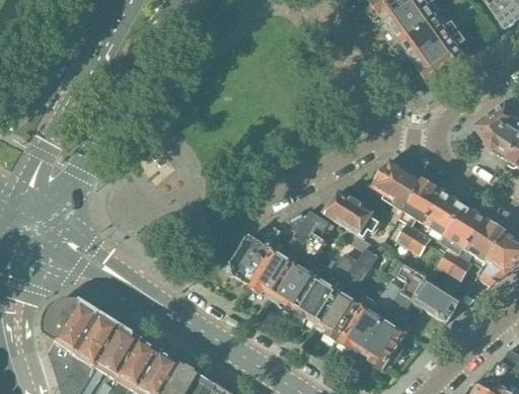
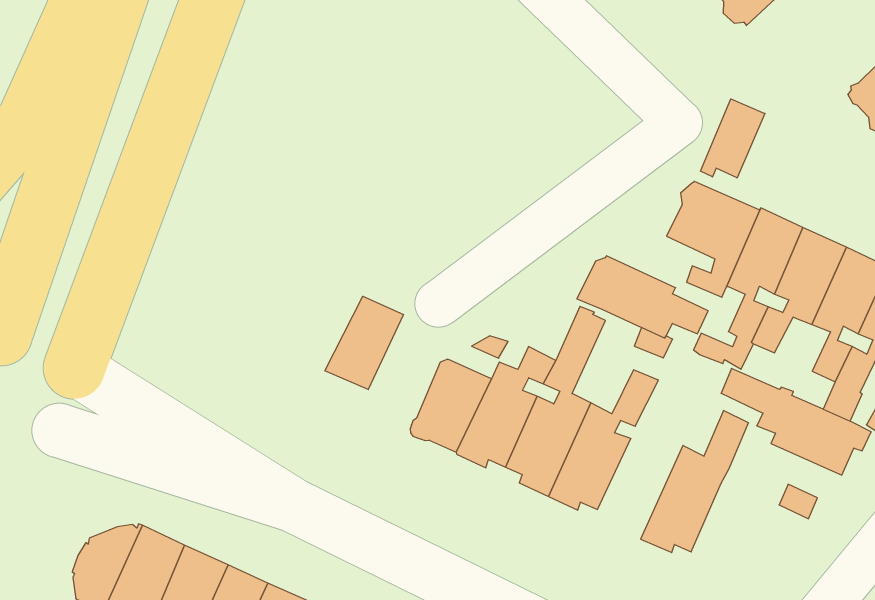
building: none -> [700,99,765,178]
building: none -> [325,296,404,390]
building: [288,209,322,243] -> none
building: [317,242,381,341] -> none
building: [363,289,415,370] -> none

